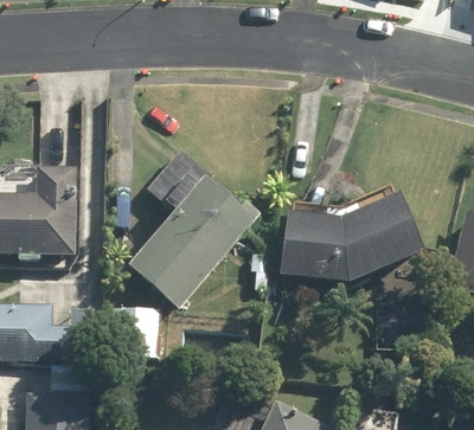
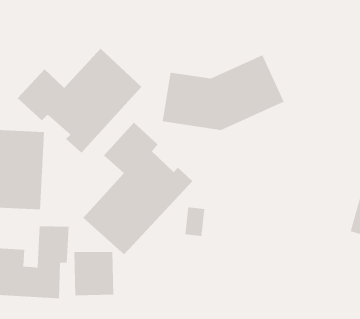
building: none -> [17,48,142,154]
building: [274,194,421,285] -> [162,54,285,131]

